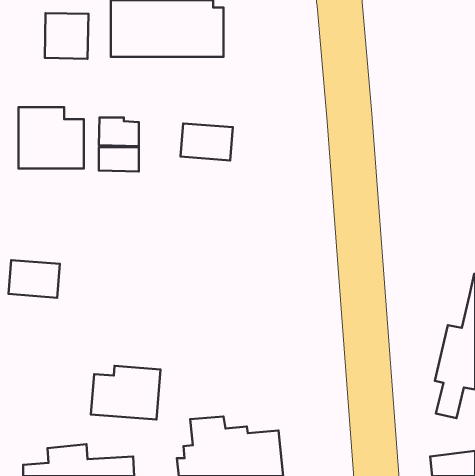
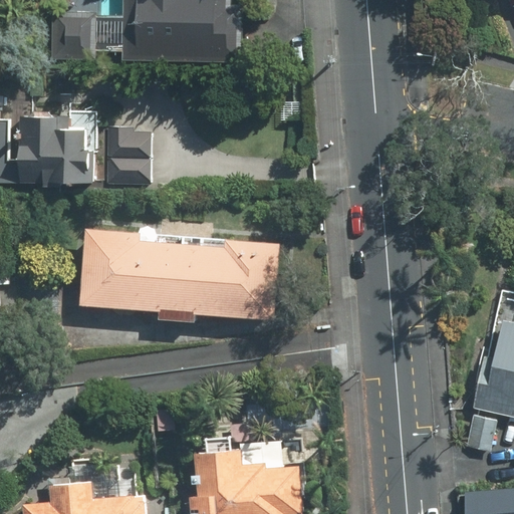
building: [181,123,233,160] -> none
building: none -> [78,229,280,319]
building: [9,260,60,298] -> none
building: [91,366,160,420] -> none

